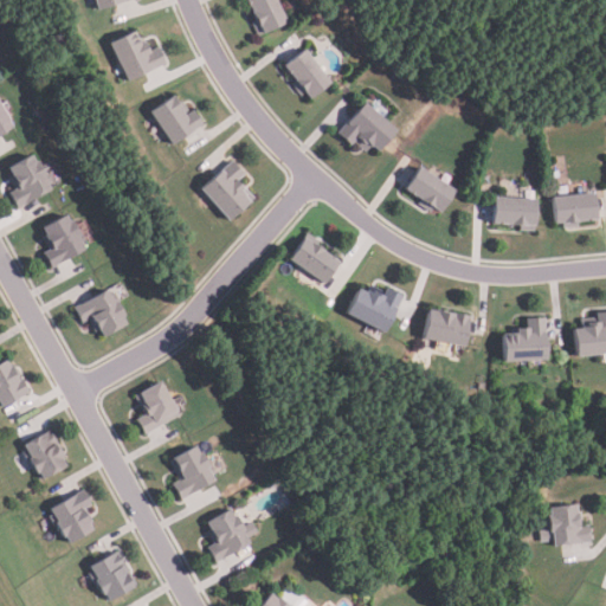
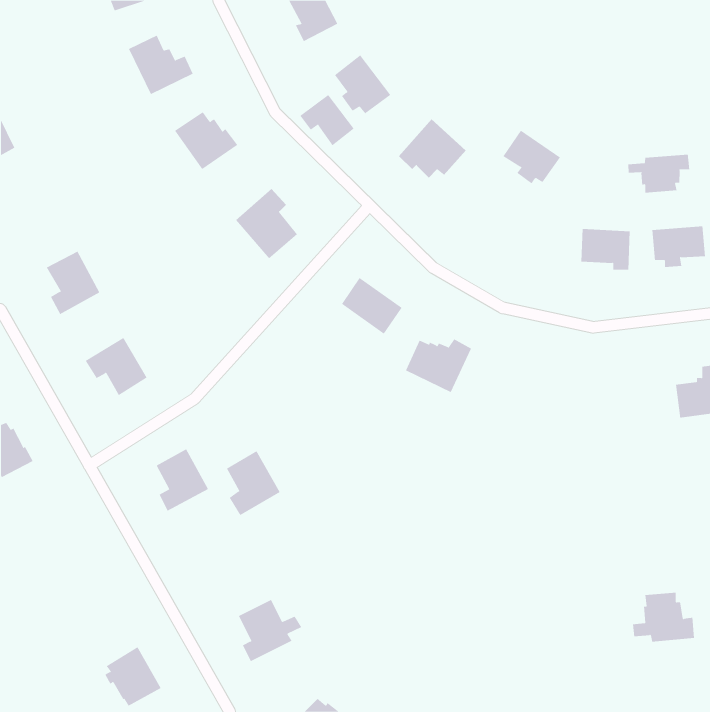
building: none -> [299,94,355,146]
building: none -> [628,154,690,194]
building: [6,153,52,208] -> none
building: [407,166,457,212] -> [502,130,561,184]
building: [425,308,471,344] -> none
building: [504,316,548,361] -> none
building: [24,428,67,478] -> none
building: [169,445,215,501] -> [226,450,280,516]
building: [50,489,95,541] -> none

